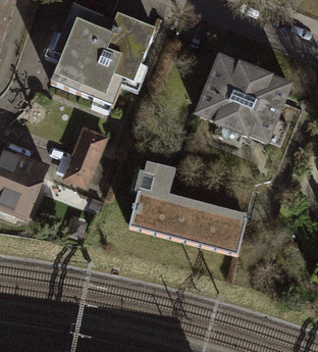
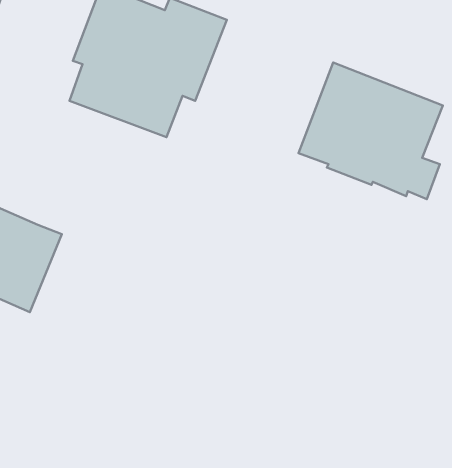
building: [66,129,105,183] -> none
building: [129,160,247,253] -> none

